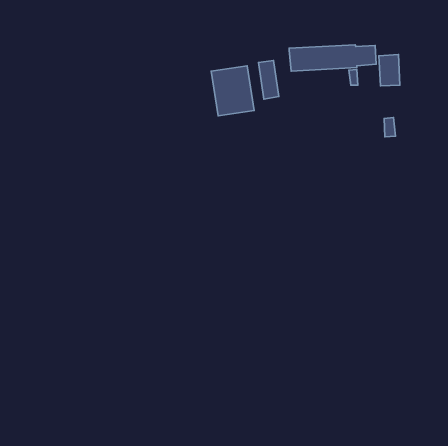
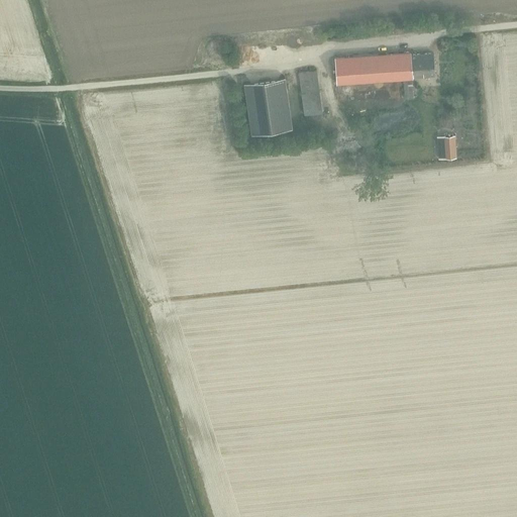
building: [379,54,400,86] -> none

